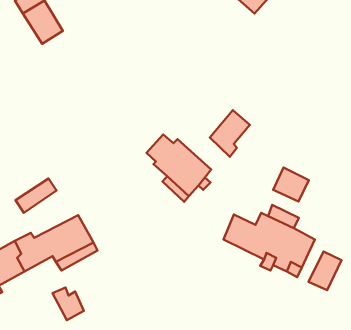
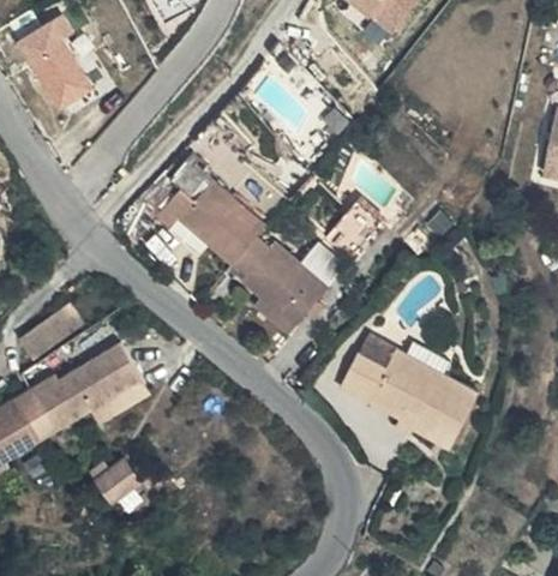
building: none -> [148,142,258,259]
building: [273,168,309,202] -> none
building: [309,252,341,290] -> none

